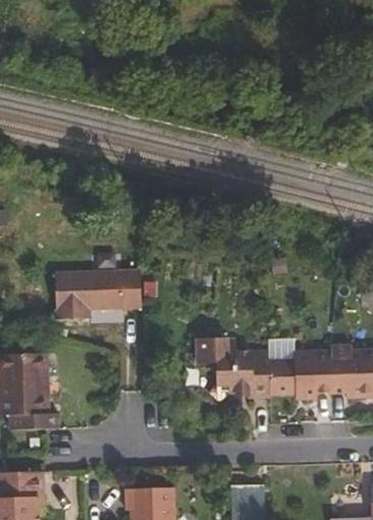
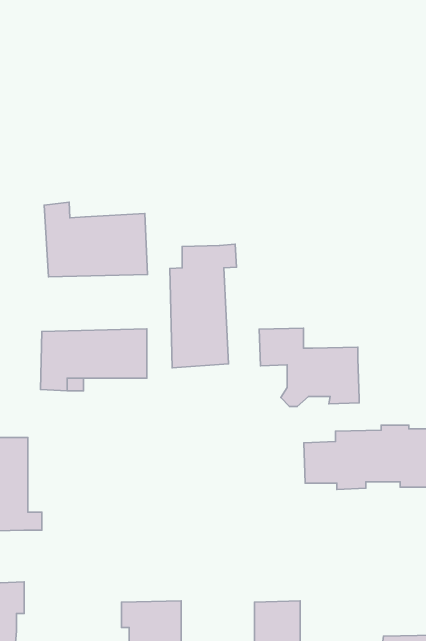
building: none -> [44,202,147,277]
building: none -> [170,244,236,368]
building: [190,335,270,398] -> [259,328,359,406]

